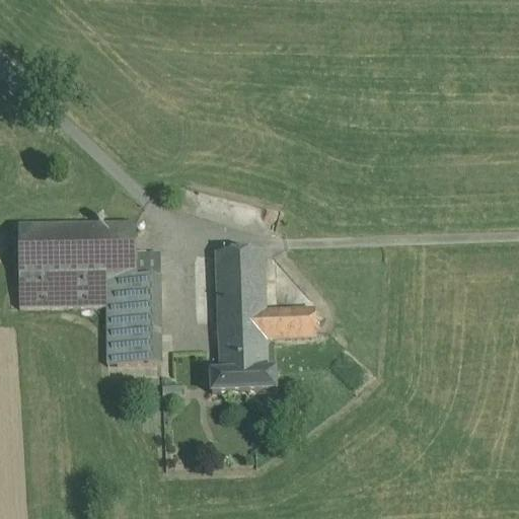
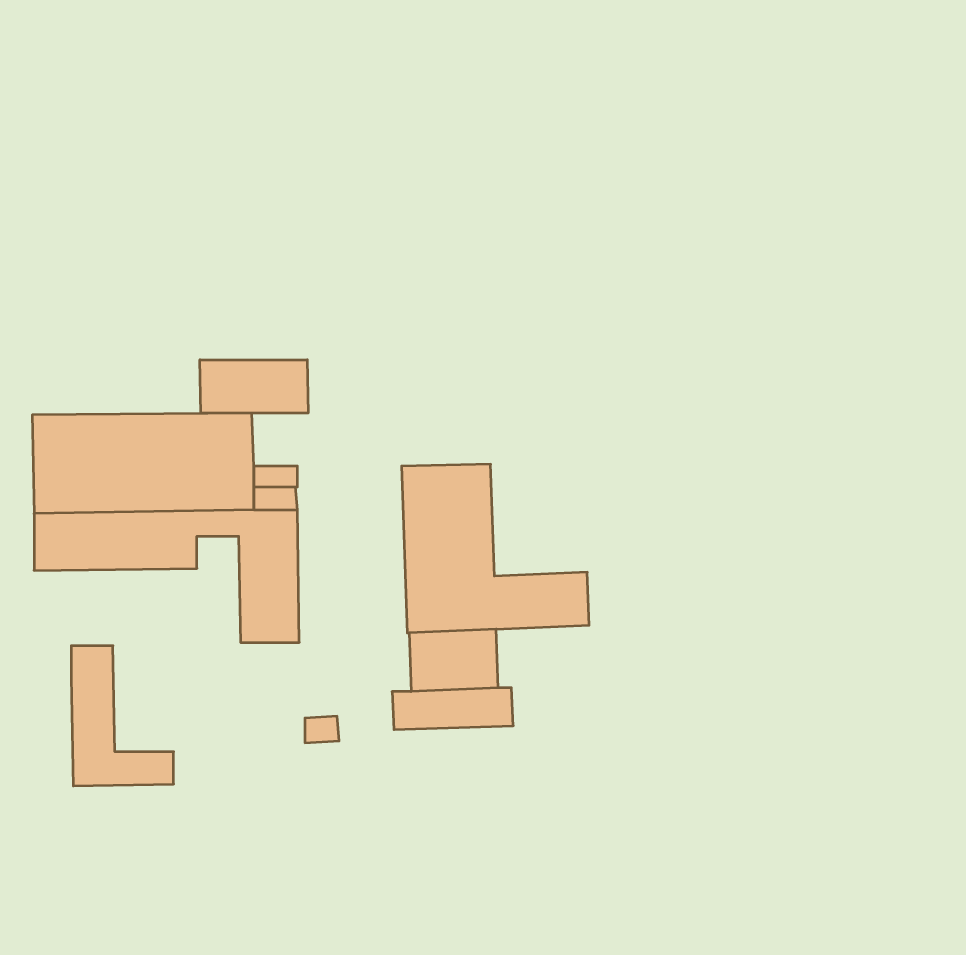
building: none -> [200,360,308,413]
building: [105,287,160,362] -> [71,646,174,786]

